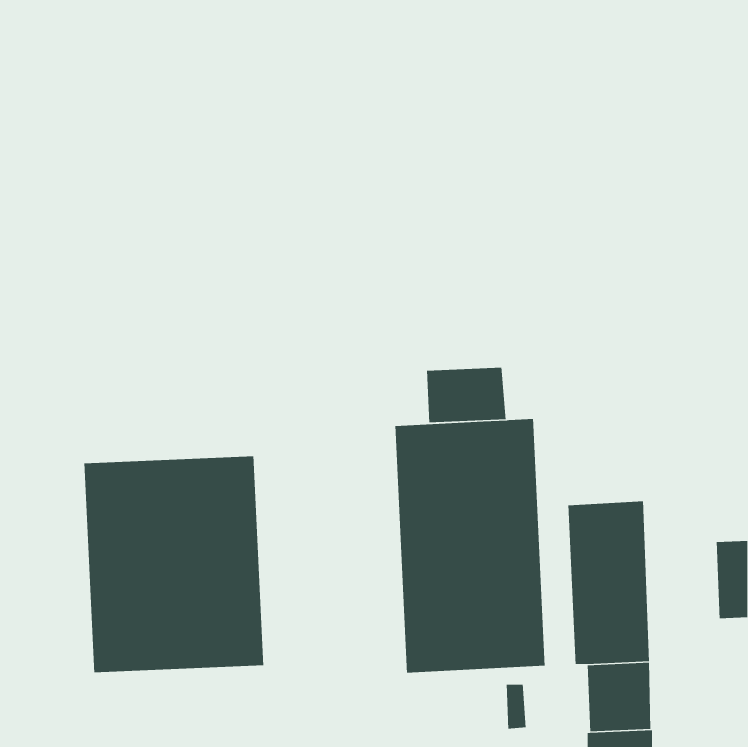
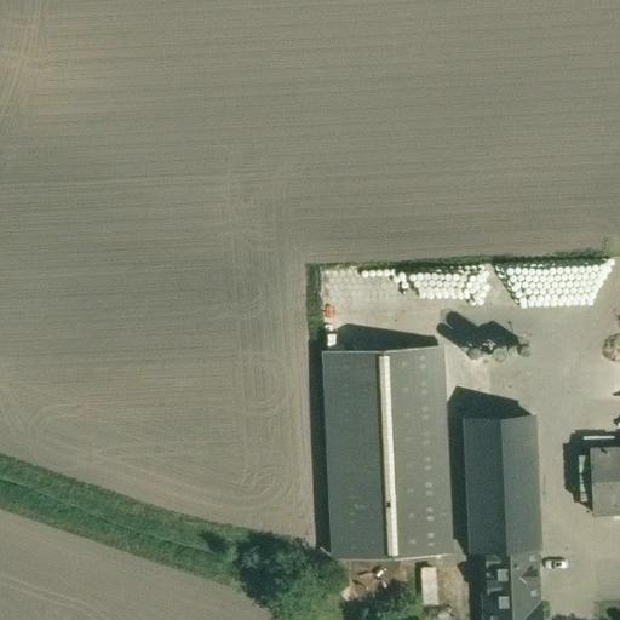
building: [426,367,506,423] -> none
building: [83,456,264,673] -> none

